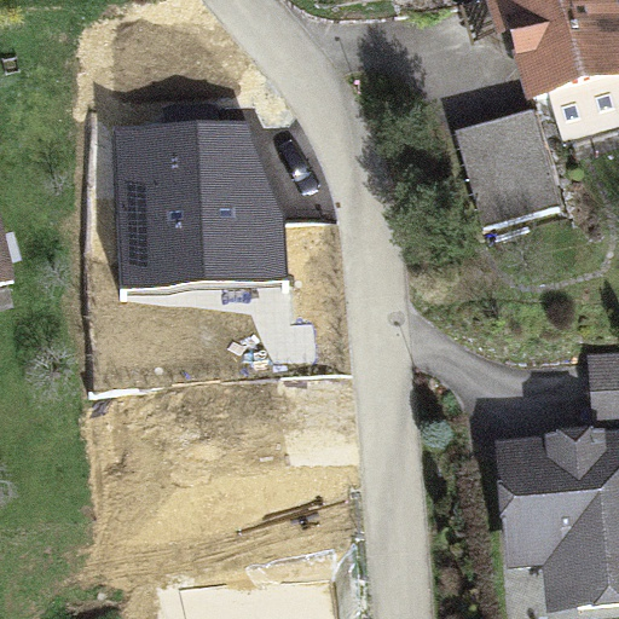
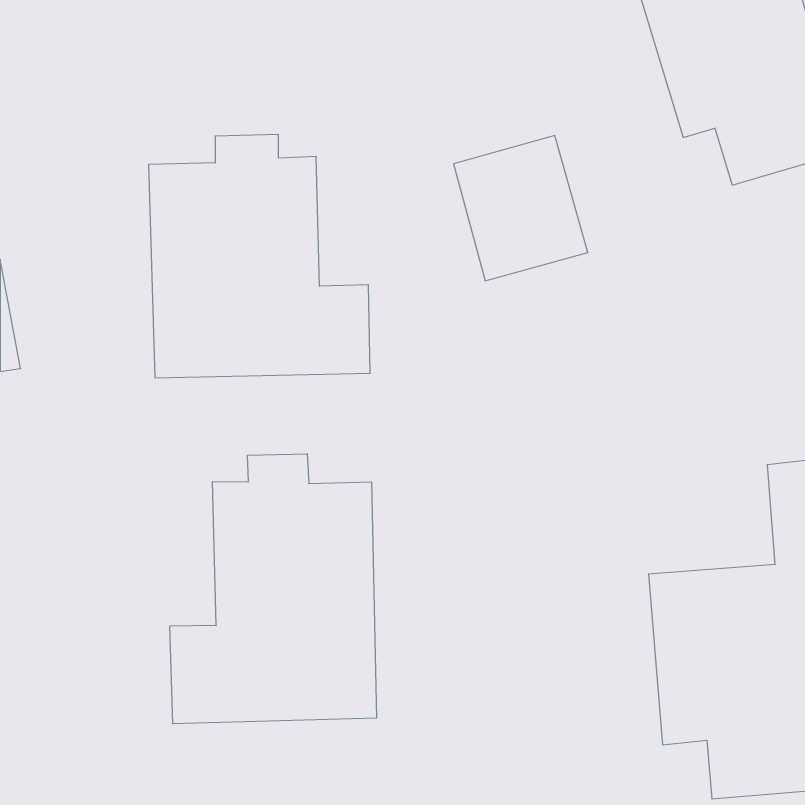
building: [461,114,563,225] -> [454,135,588,281]
building: none -> [170,454,377,724]

